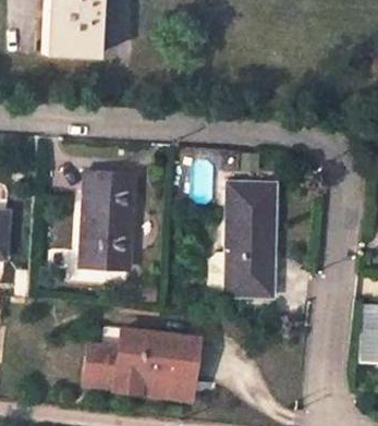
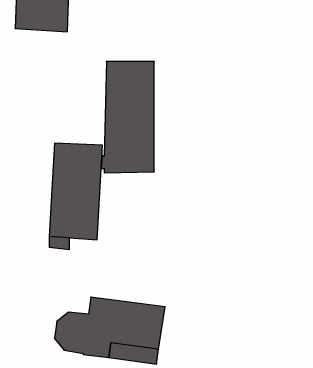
building: [221,181,276,295] -> [101,61,154,173]

